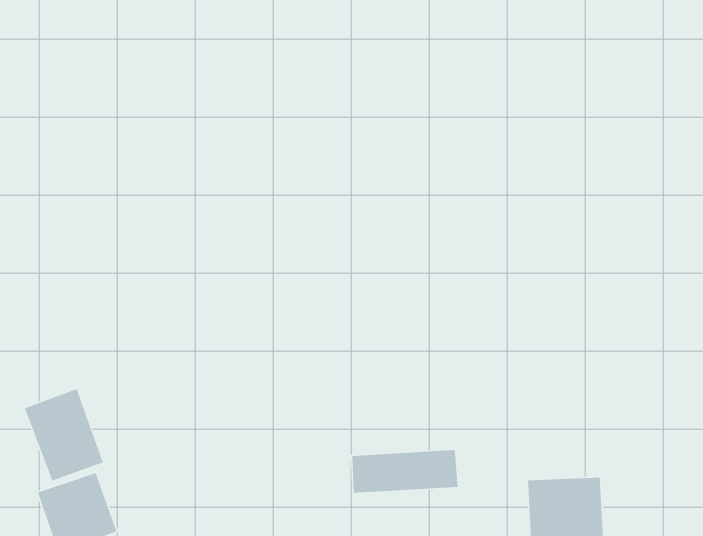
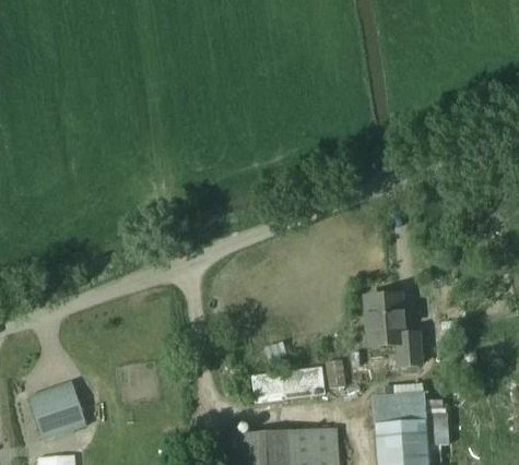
building: none -> [364,297,418,368]
building: [24,388,104,482] -> none

